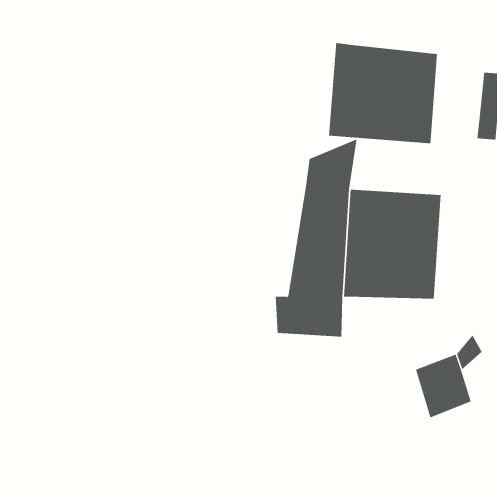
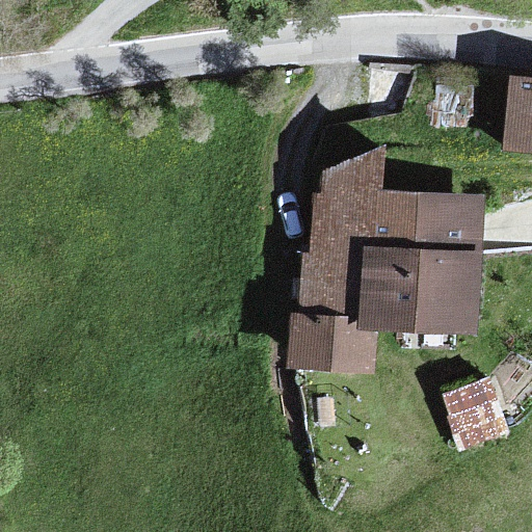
building: [328,42,438,144] -> none

